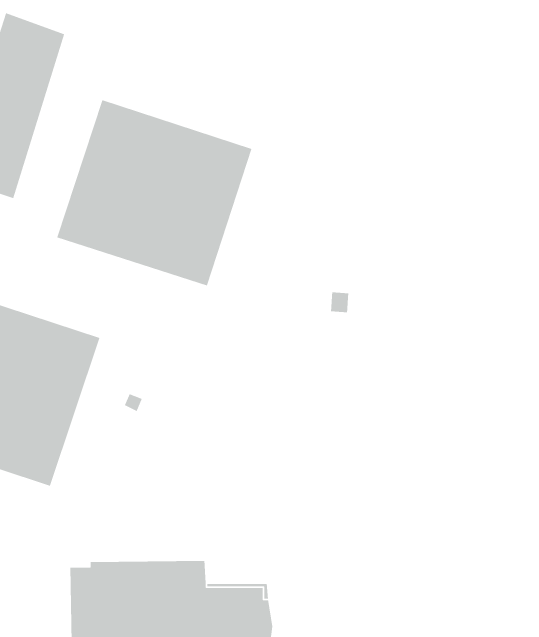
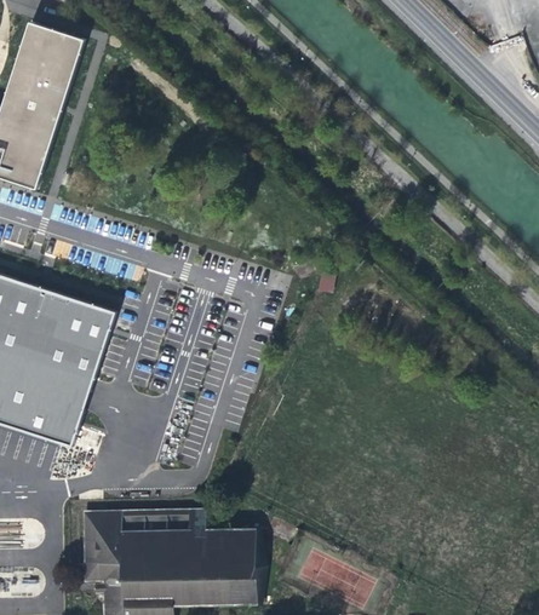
building: [56,99,252,286] -> none

